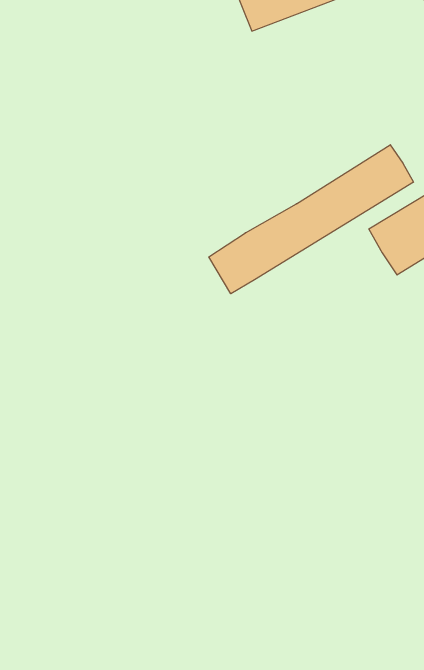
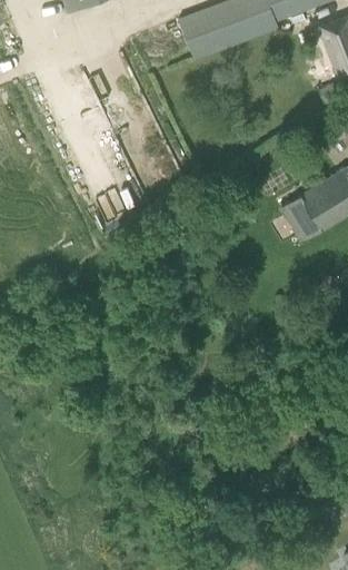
building: [209,145,413,294] -> none

